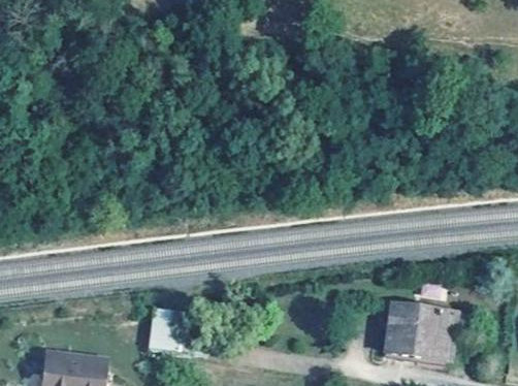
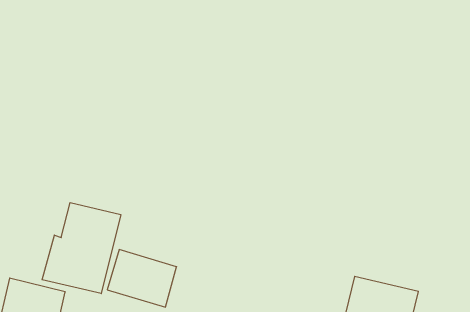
building: none -> [42,203,121,294]

